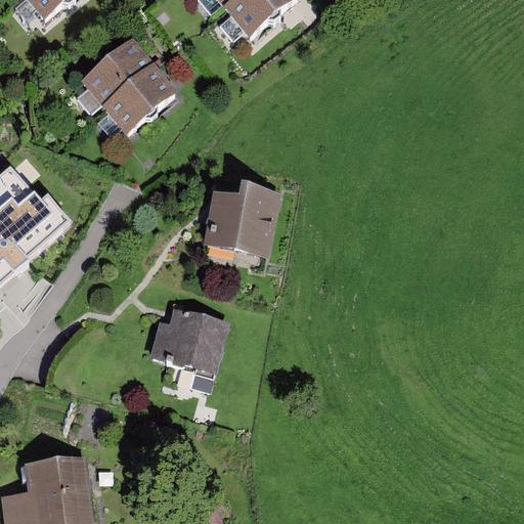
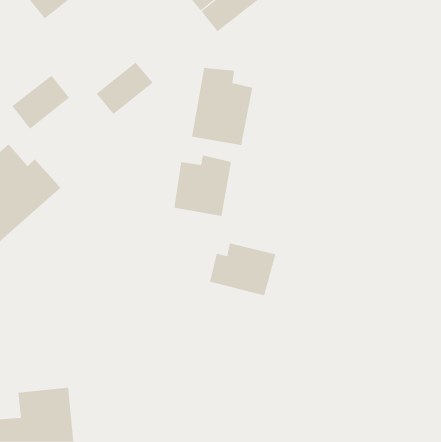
building: [91,46,160,111] -> [12,75,70,130]
building: none -> [192,67,253,146]
building: [145,309,224,372] -> [209,243,276,296]

